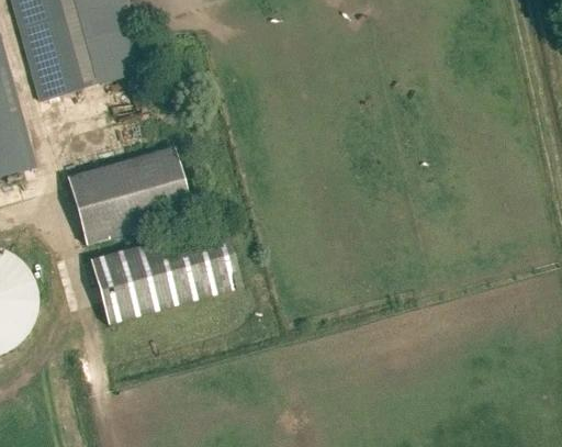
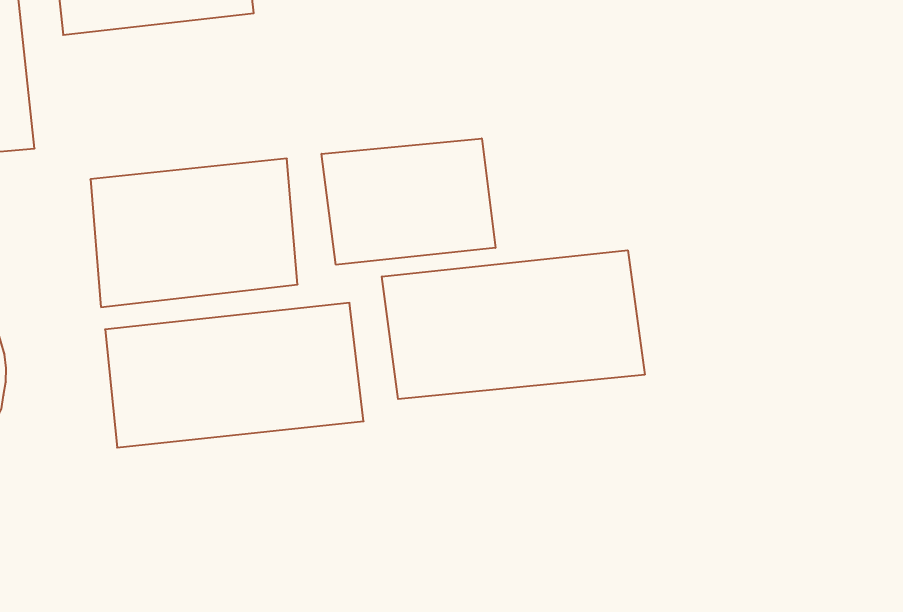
building: none -> [322,138,495,265]
building: none -> [382,250,645,399]

